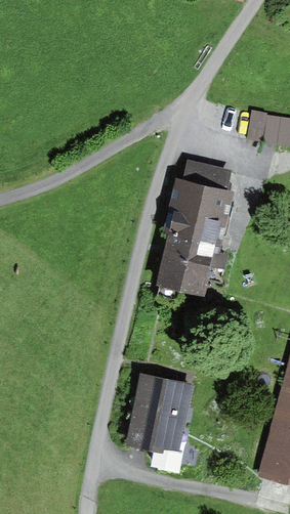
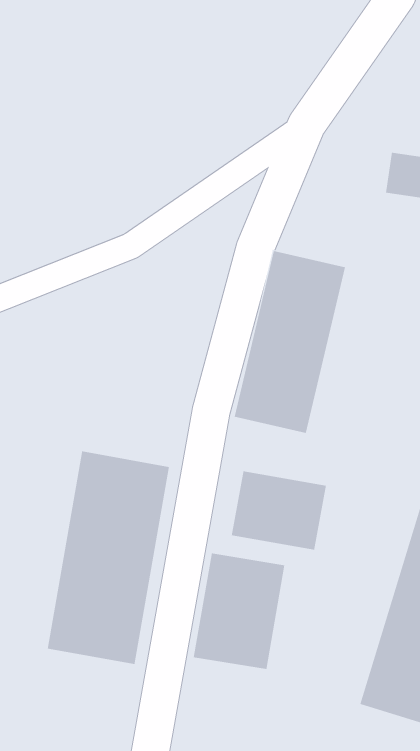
building: none -> [47,451,169,665]
building: none -> [231,471,327,550]

